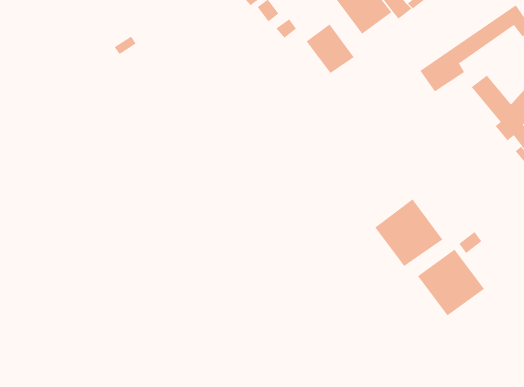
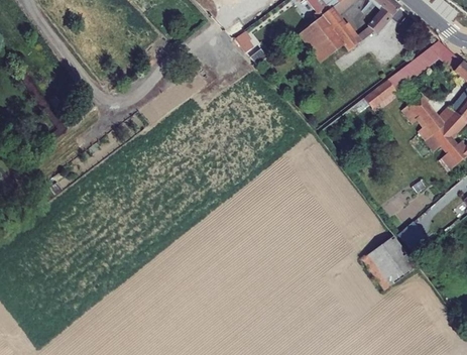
building: [306,24,355,74] -> none
building: [375,198,443,267] -> none

